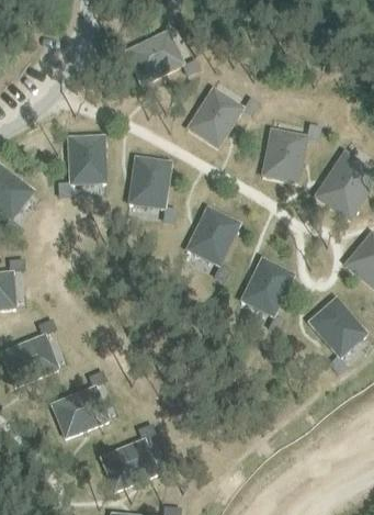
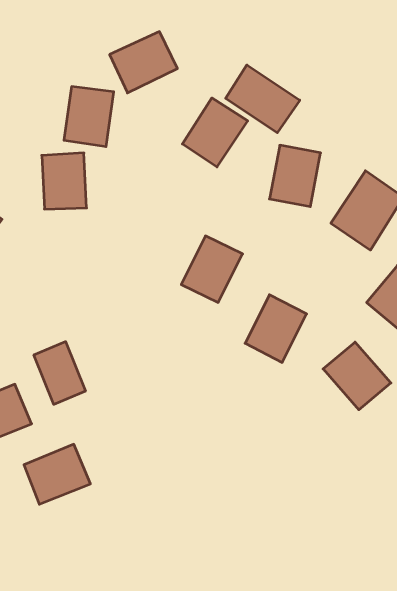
building: none -> [226,65,300,133]
building: [128,156,171,208] -> [64,87,114,147]
building: none -> [34,342,85,404]
building: [100,438,157,490] -> none

